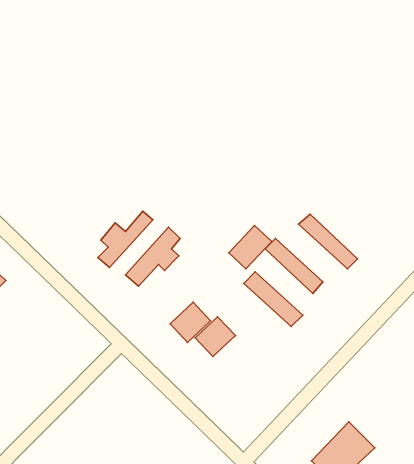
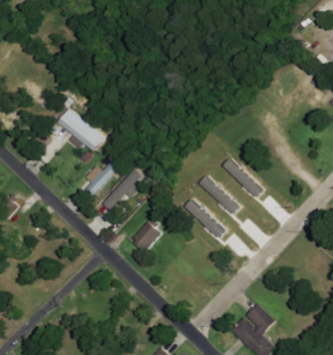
building: none -> [55,110,105,152]
building: [229,225,272,269] -> none
building: [195,317,235,357] -> none

